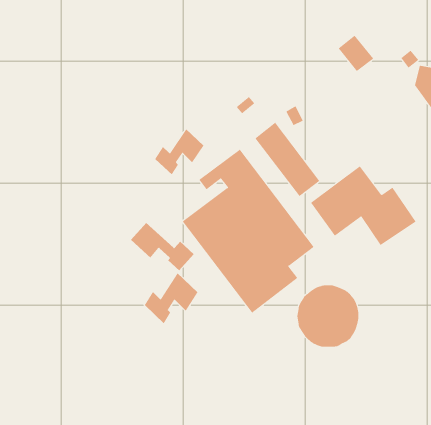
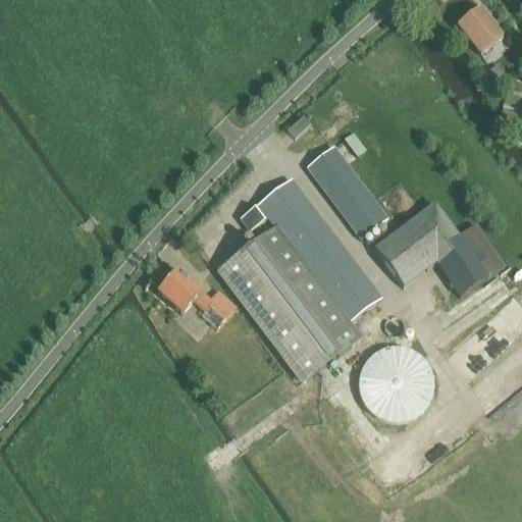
building: [338,35,374,72] -> [457,8,501,53]
building: [155,129,204,175] -> none
building: [144,273,198,324] -> none

